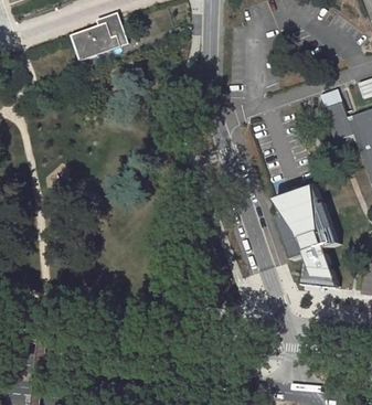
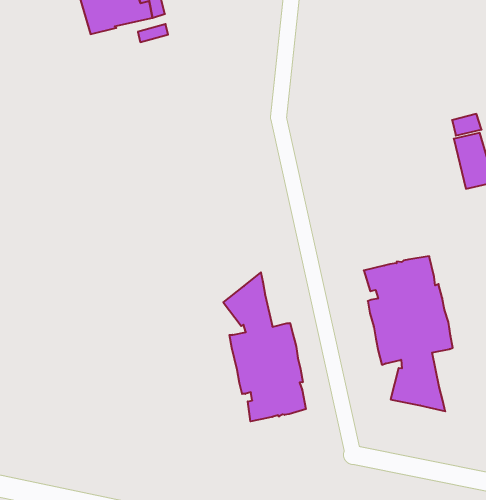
building: none -> [223,272,306,421]

